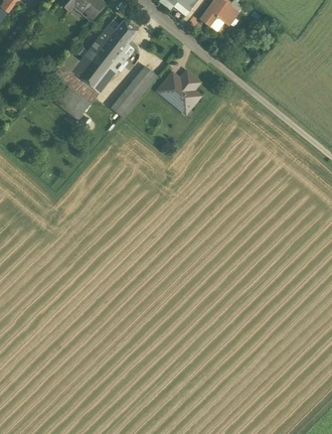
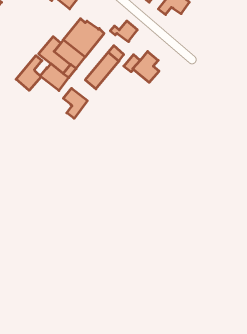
building: [105,19,138,44] -> [110,21,137,41]
building: none -> [16,56,42,90]
building: none -> [63,88,87,118]

